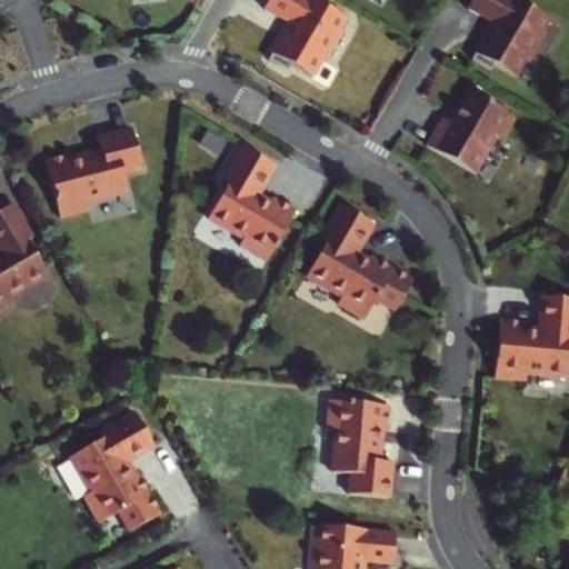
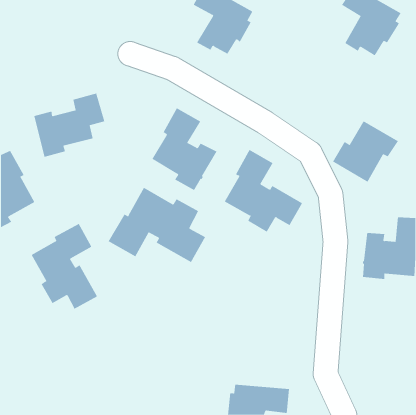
building: [426,87,517,171] -> [332,121,399,183]
building: none -> [108,187,206,263]
building: [328,399,391,497] -> none
building: [71,411,162,529] -> [31,223,98,309]

